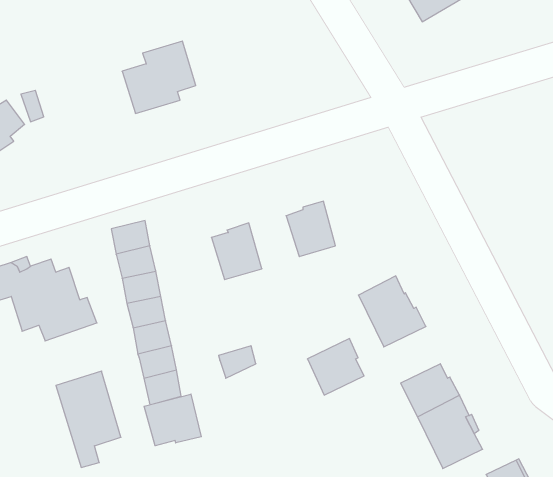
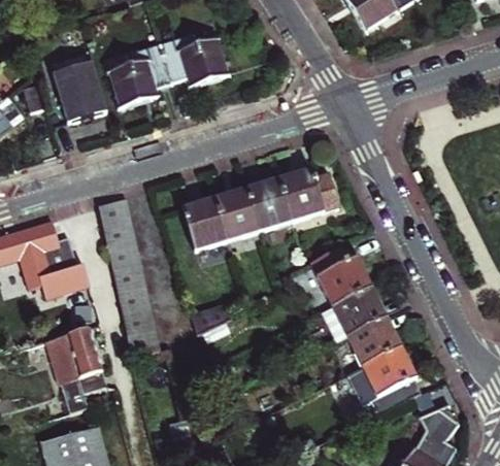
building: none -> [159,33,227,85]
building: none -> [53,60,106,122]
building: none -> [279,170,340,219]
building: none -> [215,193,259,238]
building: [307,339,364,395] -> [331,288,379,336]
building: [144,394,201,446] -> none

